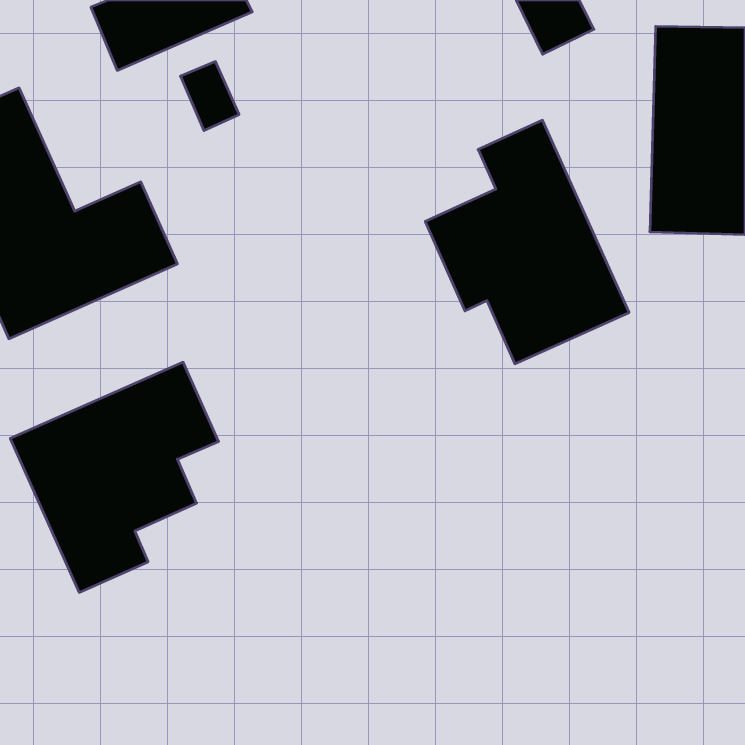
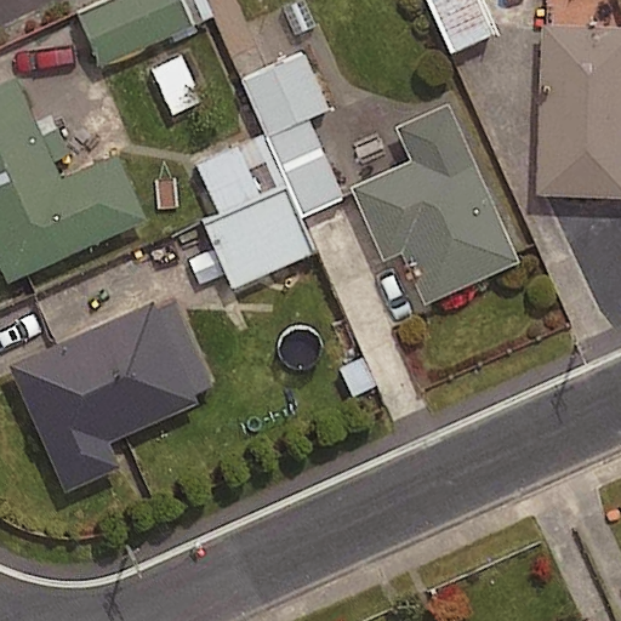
building: none -> [193,51,338,284]

